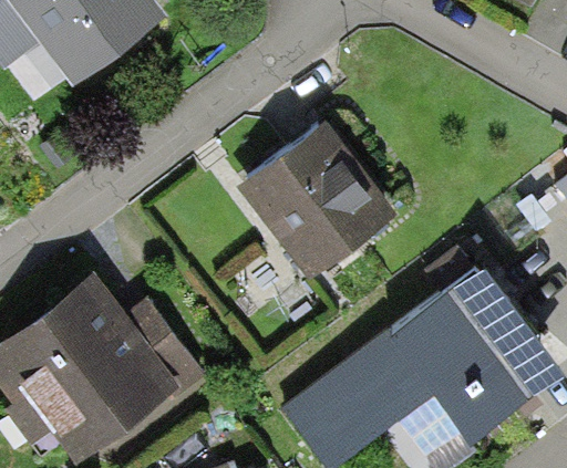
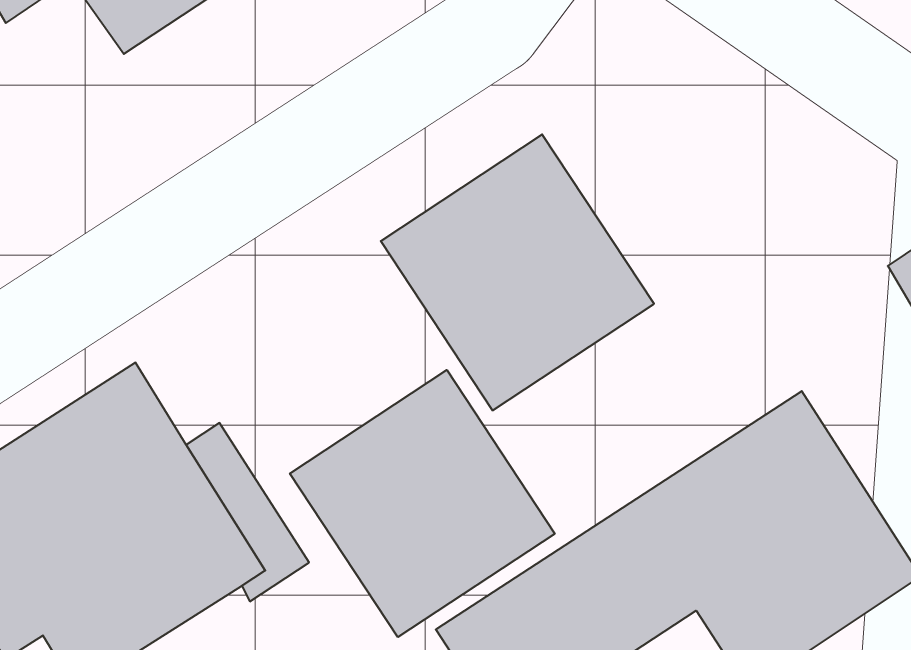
building: none -> [290,370,555,637]

